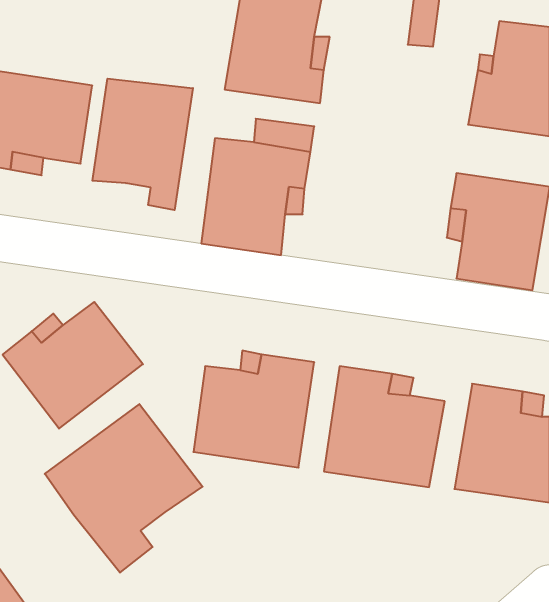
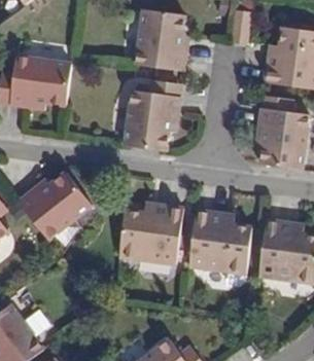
building: [92,79,193,210] -> none
building: [45,404,203,573] -> none

